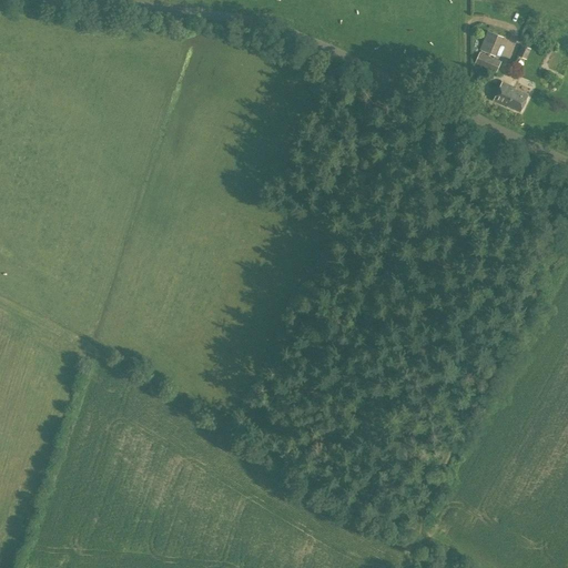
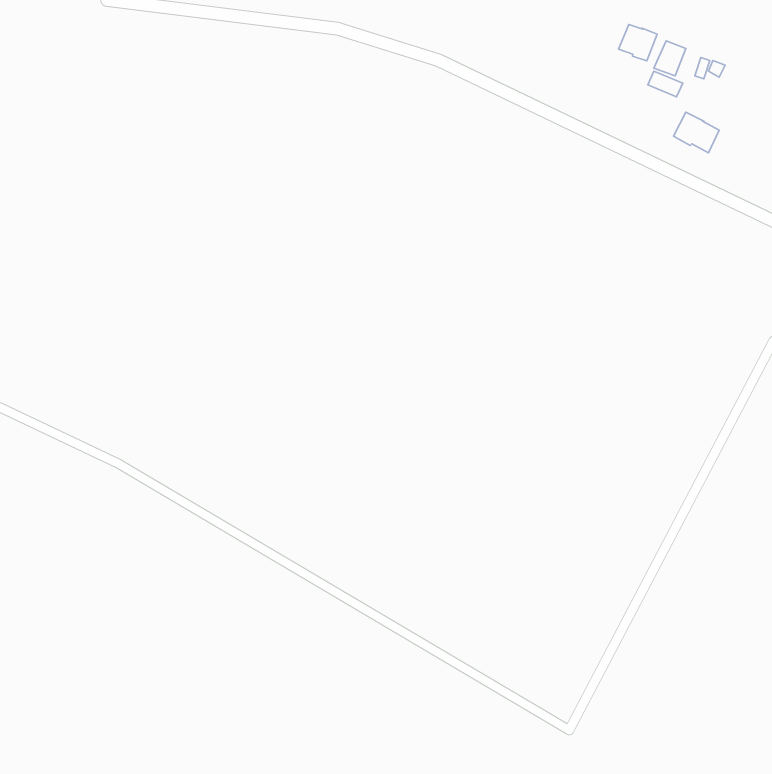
building: none -> [619,25,657,61]

